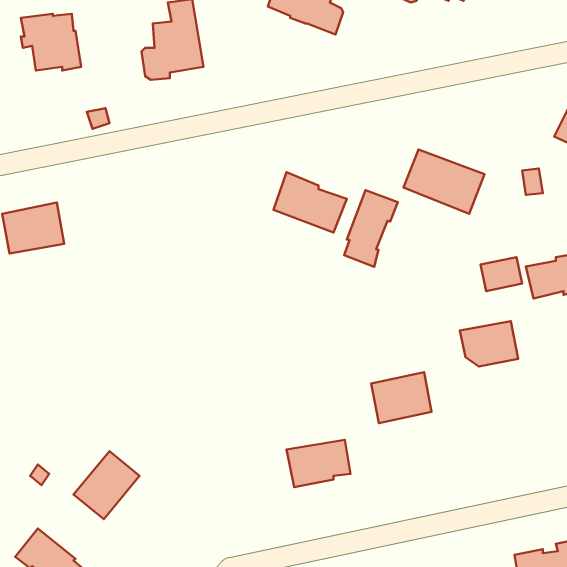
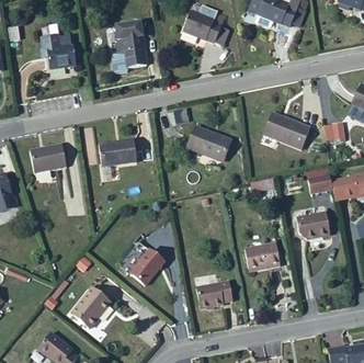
building: [344,190,398,267] -> none
building: none -> [99,139,136,166]
building: none -> [120,240,164,284]

